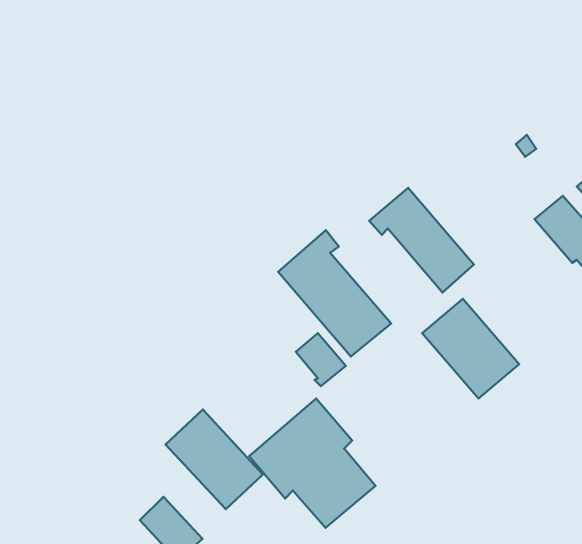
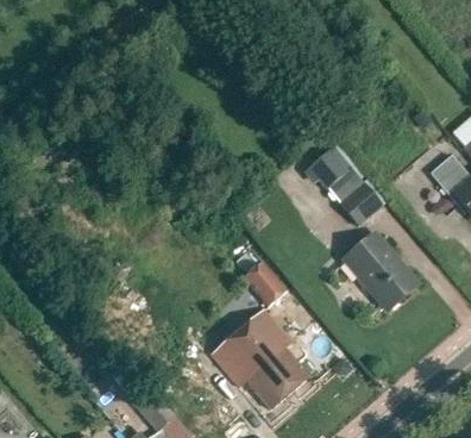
building: [278,230,391,357] -> none
building: [166,410,263,509] -> none

